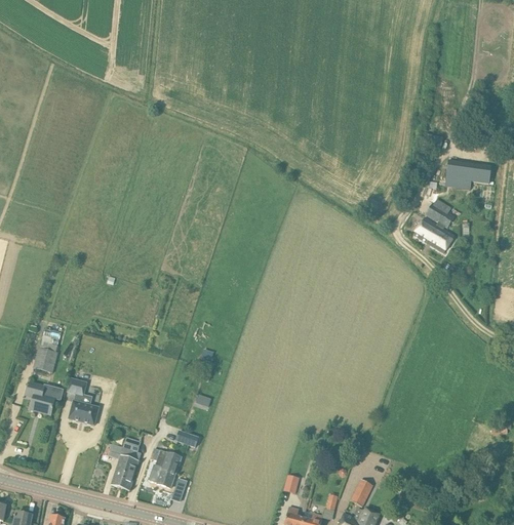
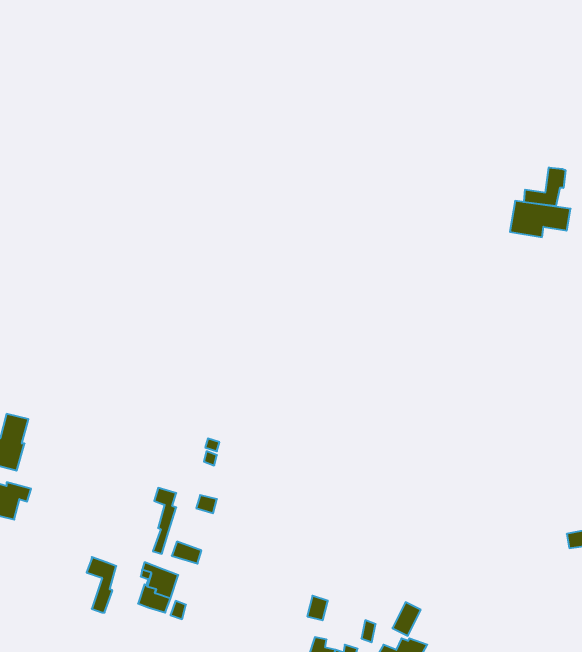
building: none -> [523,167,565,206]
building: [413,203,456,253] -> none
building: [68,378,98,425] -> none
building: [122,437,141,489] -> [153,488,176,554]

